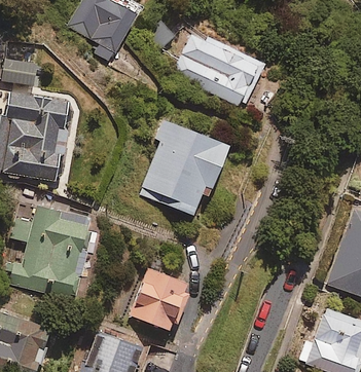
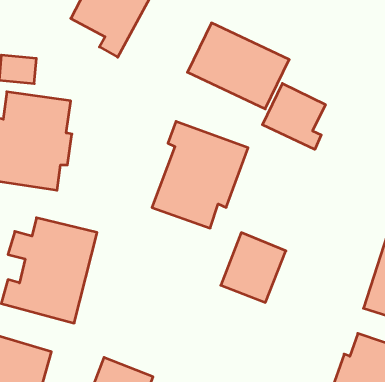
building: none -> [262,83,325,149]
building: [131,267,189,330] -> [221,233,286,302]

